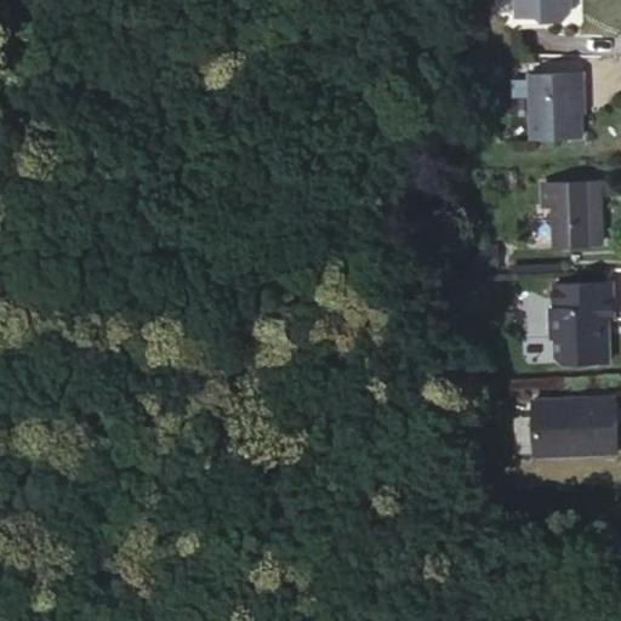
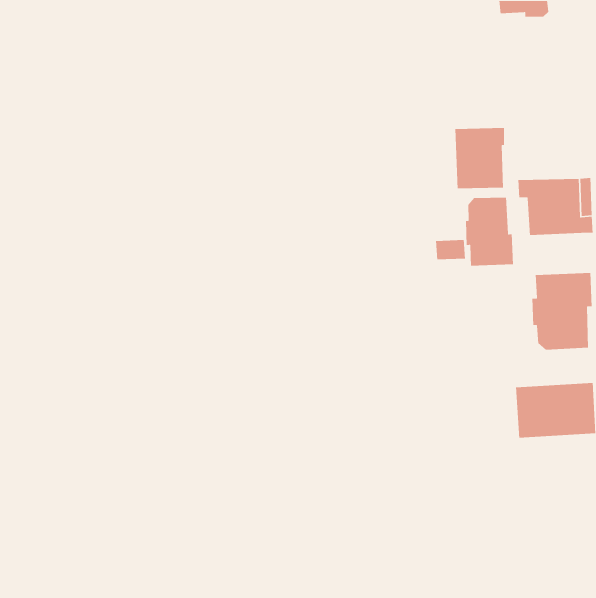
building: [530,75,582,139] -> [454,127,505,189]
building: none -> [465,197,514,266]

